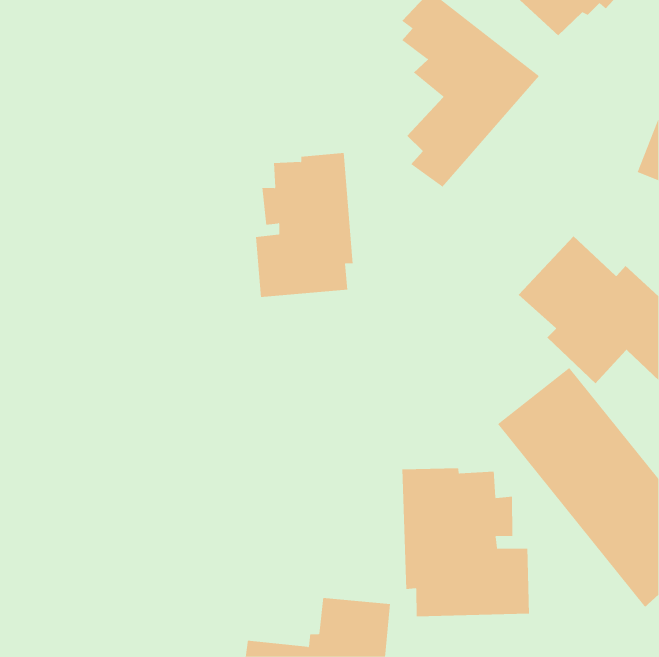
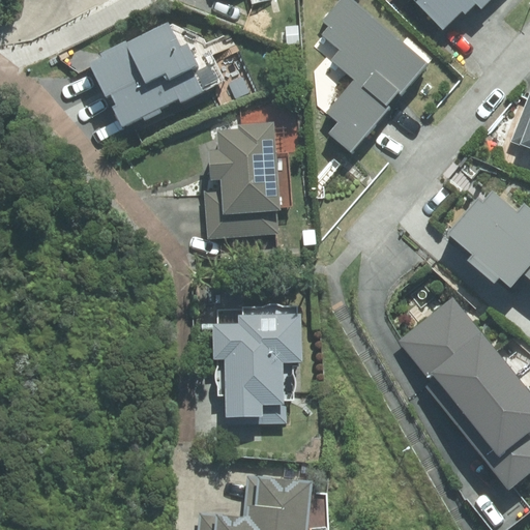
building: none -> [89,22,202,127]
building: none -> [213,314,303,423]
building: [402,467,530,617] -> none

